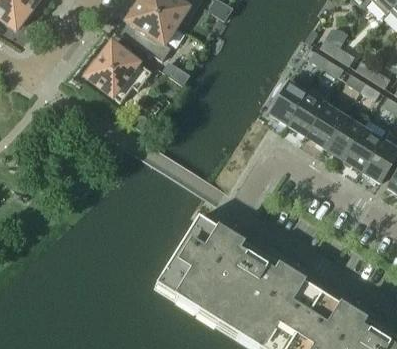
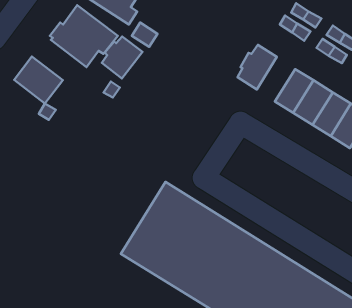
building: none -> [102,36,142,78]
building: [289,87,331,137] -> none
building: none -> [14,56,63,104]

